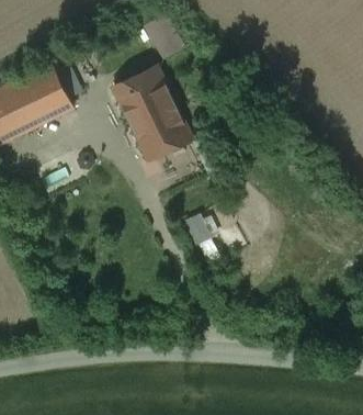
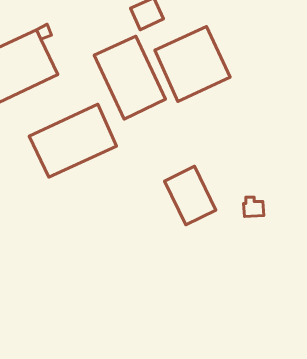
building: none -> [155,27,230,102]
building: none -> [29,104,117,177]

